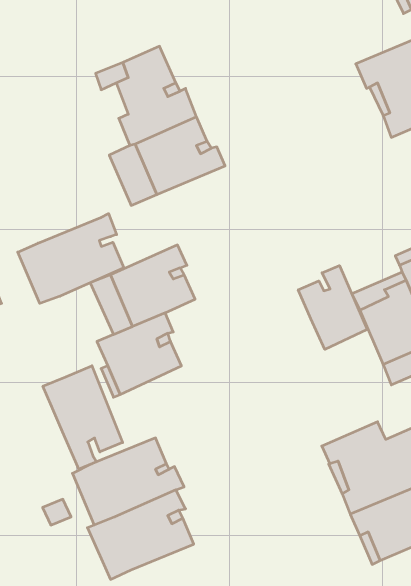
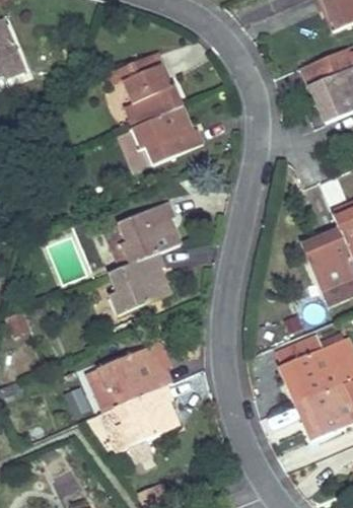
building: [18,214,124,303] -> none
building: [298,266,367,349] -> none
building: [43,366,123,469] -> none

